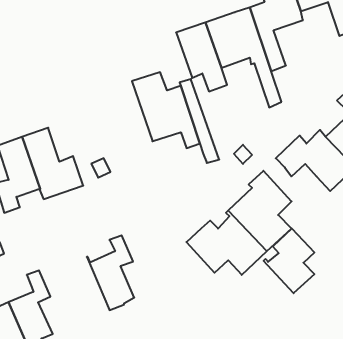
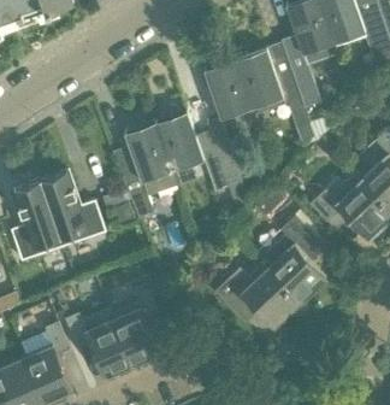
building: none -> [113,122,179,218]
building: [264,228,314,293] -> none
building: none -> [65,309,132,376]

